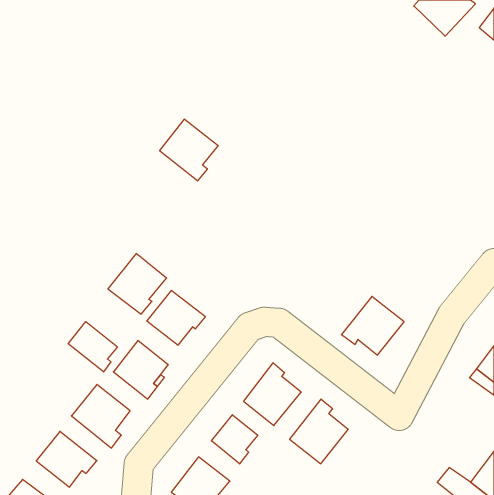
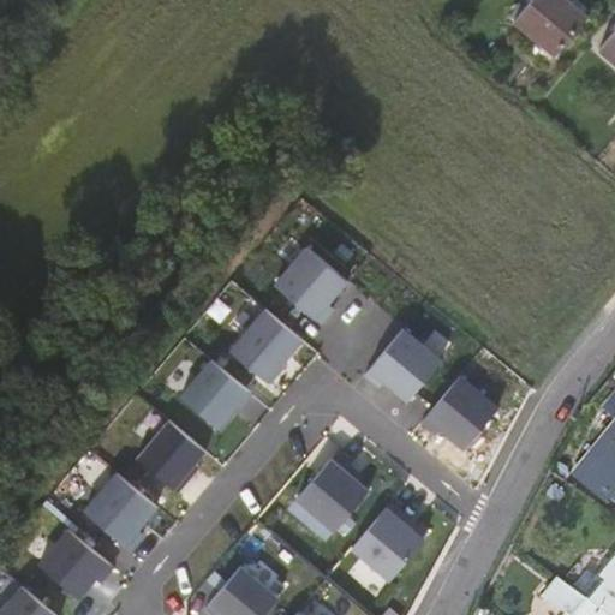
building: [160,119,218,181] -> [270,245,342,321]
building: [108,254,167,314] -> [227,309,299,383]
building: none -> [362,323,438,395]
building: [68,322,117,372] -> none
building: [211,415,258,464] -> none

